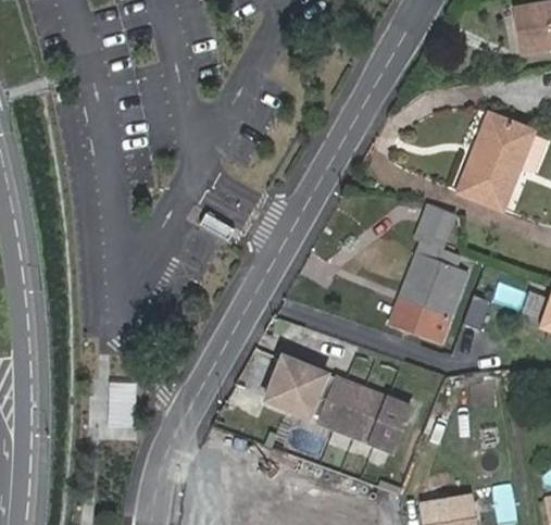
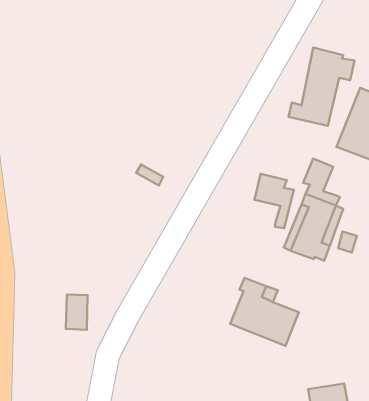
building: none -> [289,47,355,126]
building: none -> [255,174,294,228]
building: [261,358,322,415] -> none

